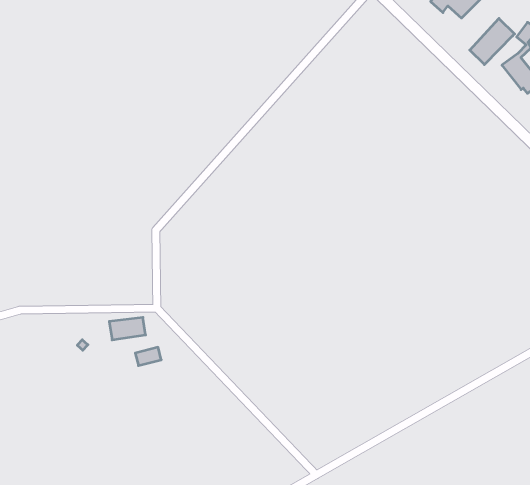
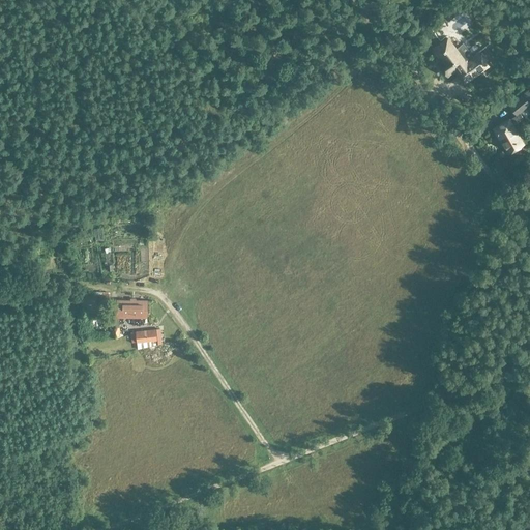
building: [470,18,515,65] -> none

